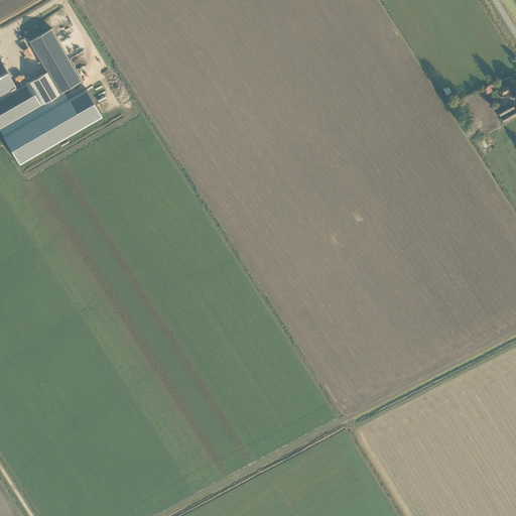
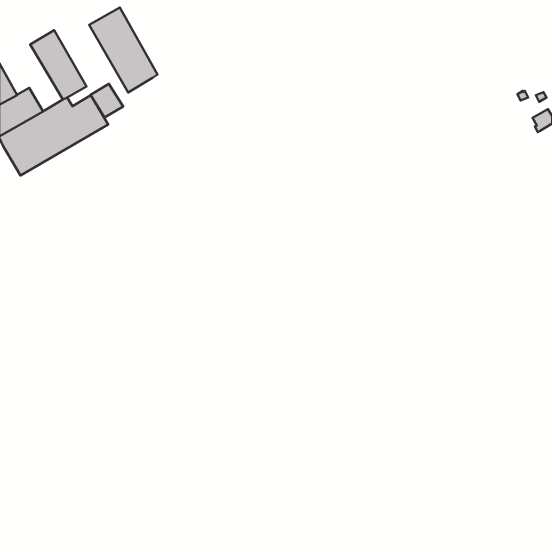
building: none -> [89,8,158,92]
building: [28,73,58,104] -> [91,84,123,117]

